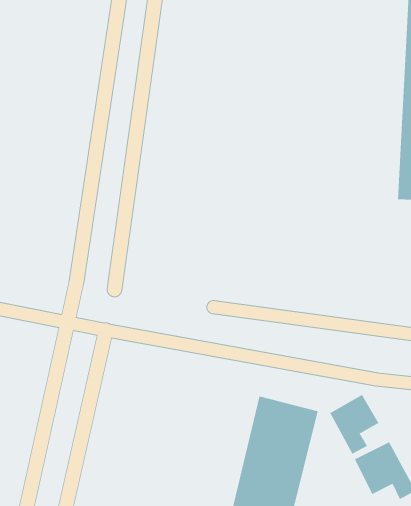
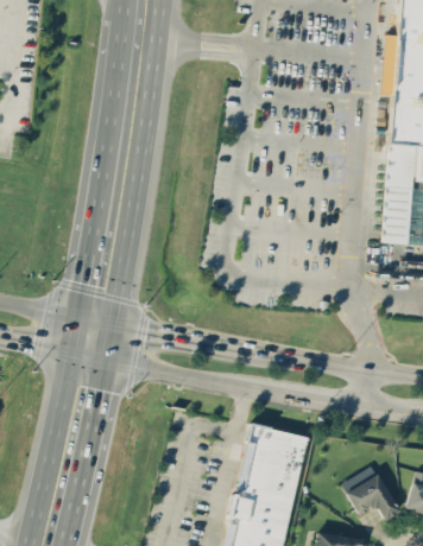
building: [330,394,379,455] -> none

